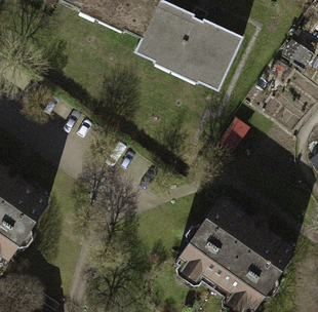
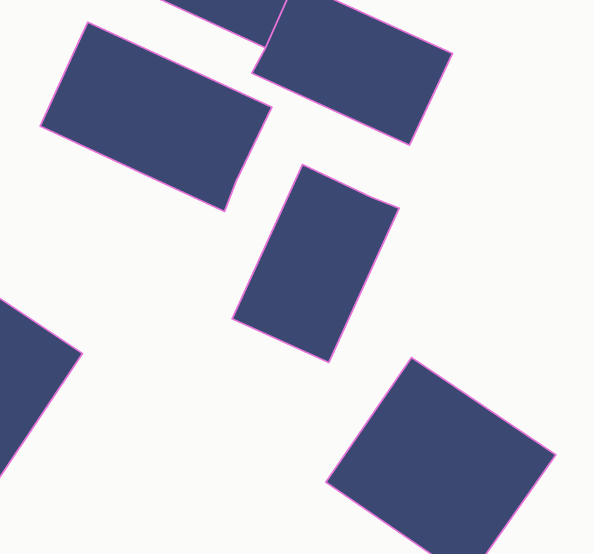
building: none -> [40,22,272,211]
building: none -> [232,164,399,362]

